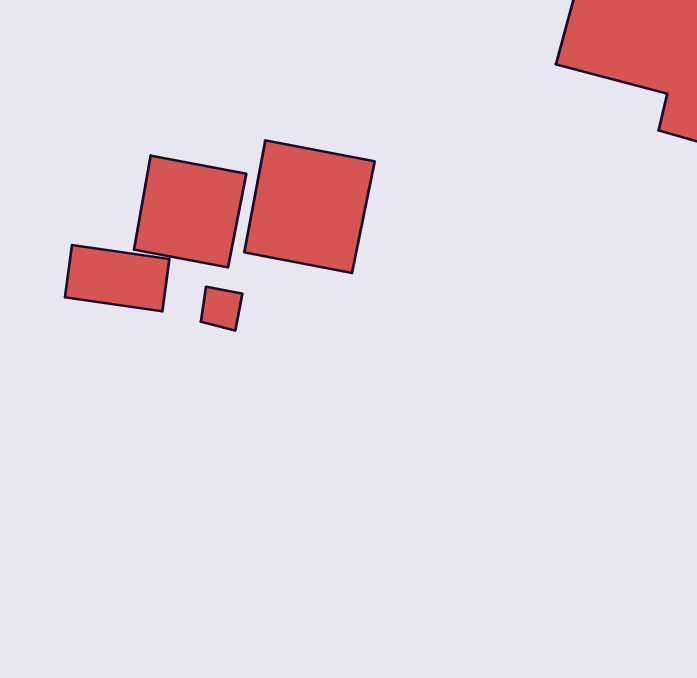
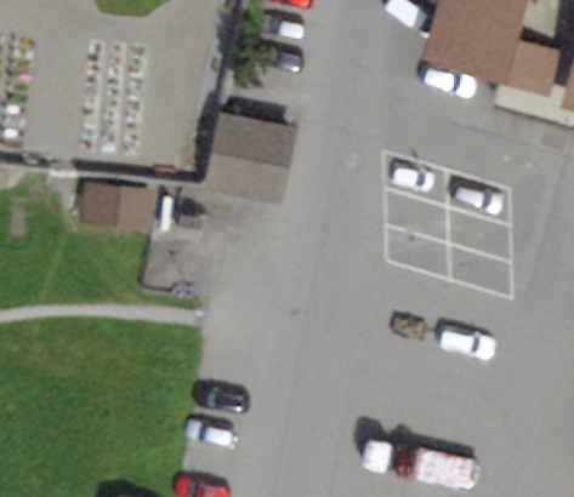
building: [134,155,246,267] -> none

